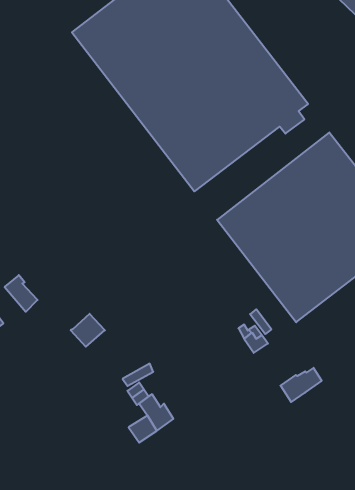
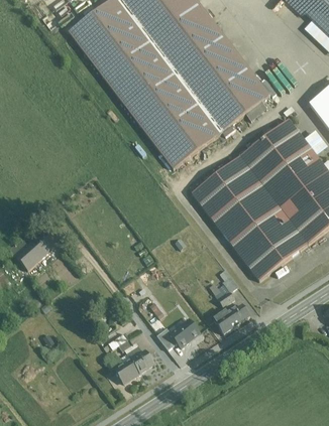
building: [71,314,105,347] -> [24,233,53,261]
building: none -> [157,315,204,348]
building: [280,368,322,402] -> [214,304,249,333]

